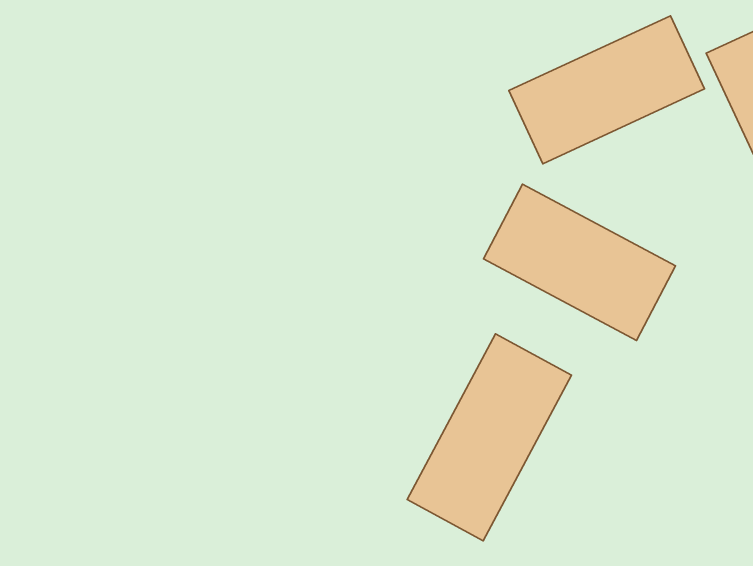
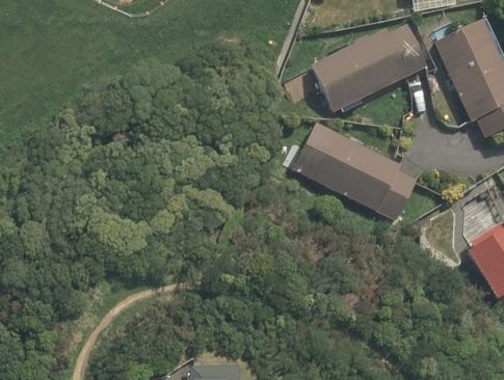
building: [407,334,571,541] -> none

